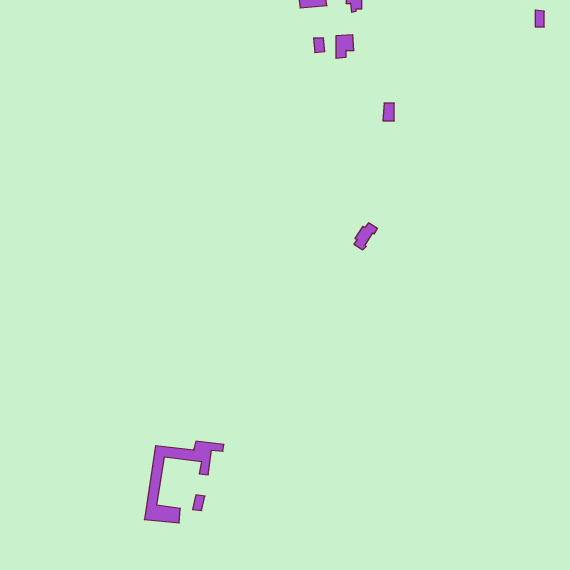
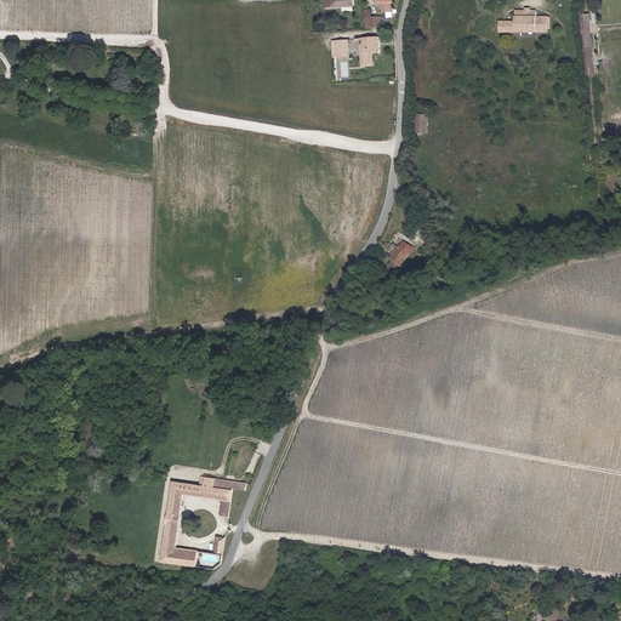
building: none -> [507,10,548,29]

